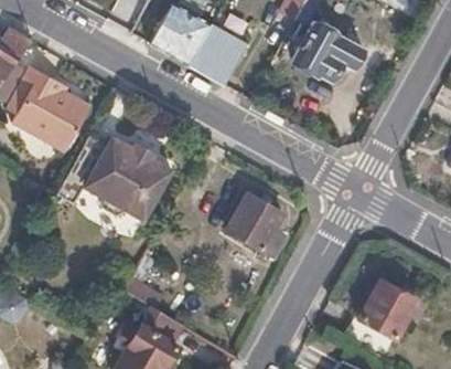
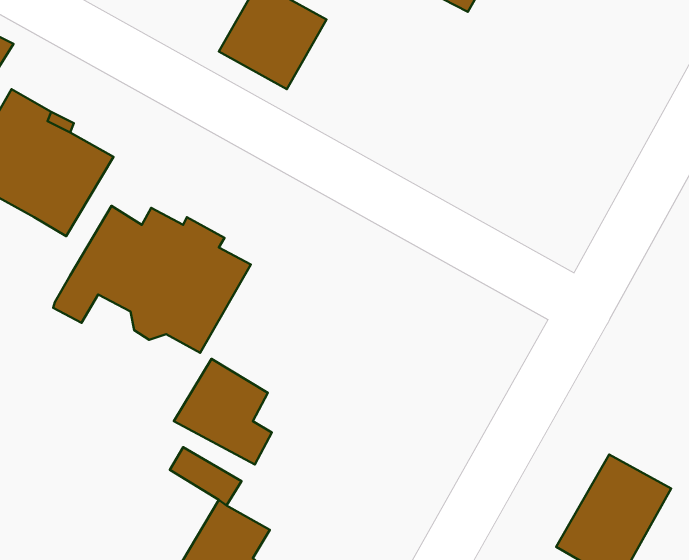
building: [294,21,366,80] -> none
building: [191,24,248,85] -> none
building: [225,191,282,253] -> [174,359,272,464]

